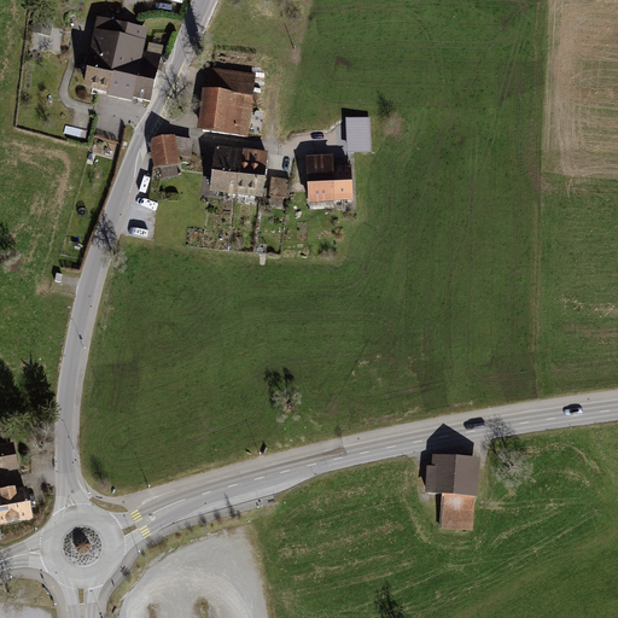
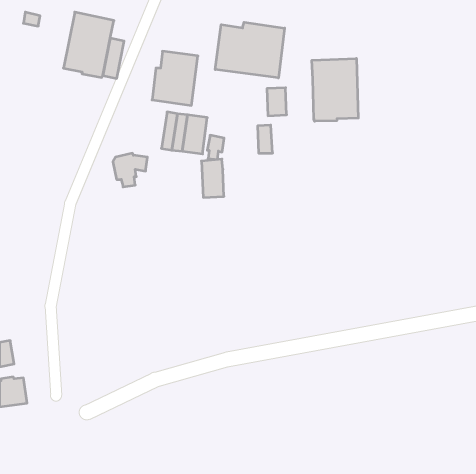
building: none -> [215,22,285,78]
building: none -> [312,58,358,121]
building: [148,133,193,176] -> [113,153,147,187]
building: [305,150,334,199] -> [201,159,224,197]
building: [425,451,479,527] -> none

